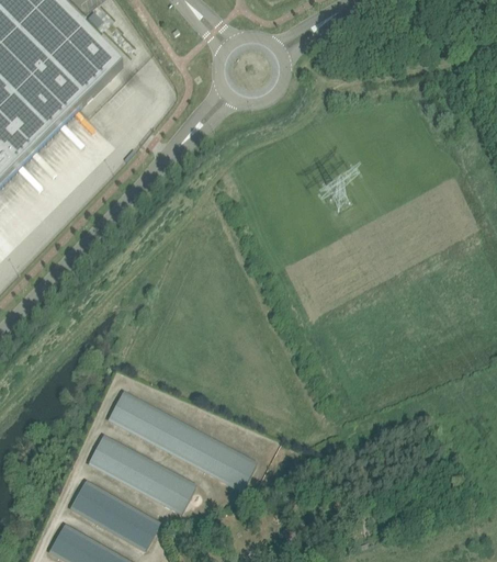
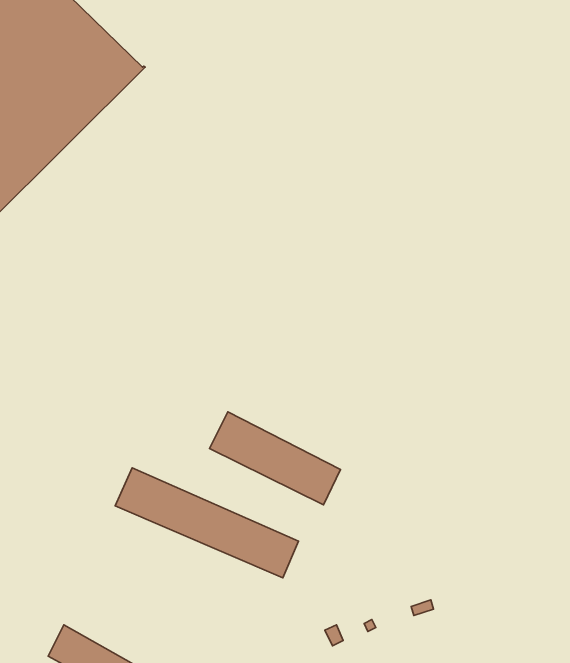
building: [86,435,195,513] -> [210,412,341,505]
building: [70,482,156,548] -> none

